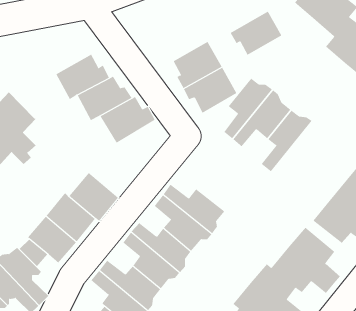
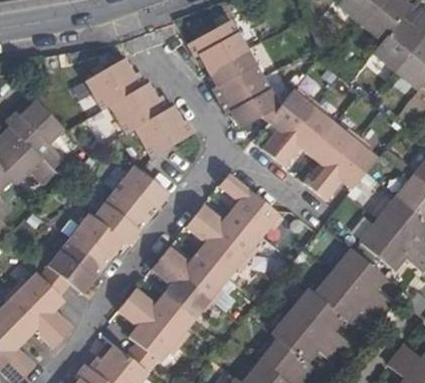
building: [230,11,282,56] -> [188,19,245,68]
building: none -> [314,134,379,198]
building: none -> [115,165,169,218]
building: none -> [221,172,284,233]

